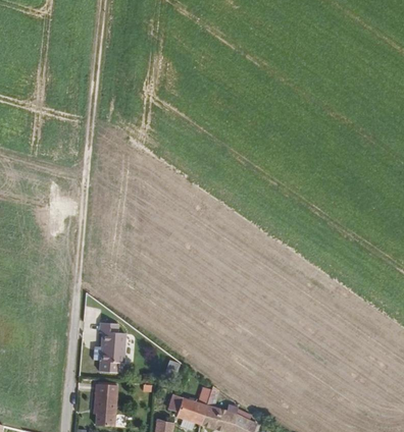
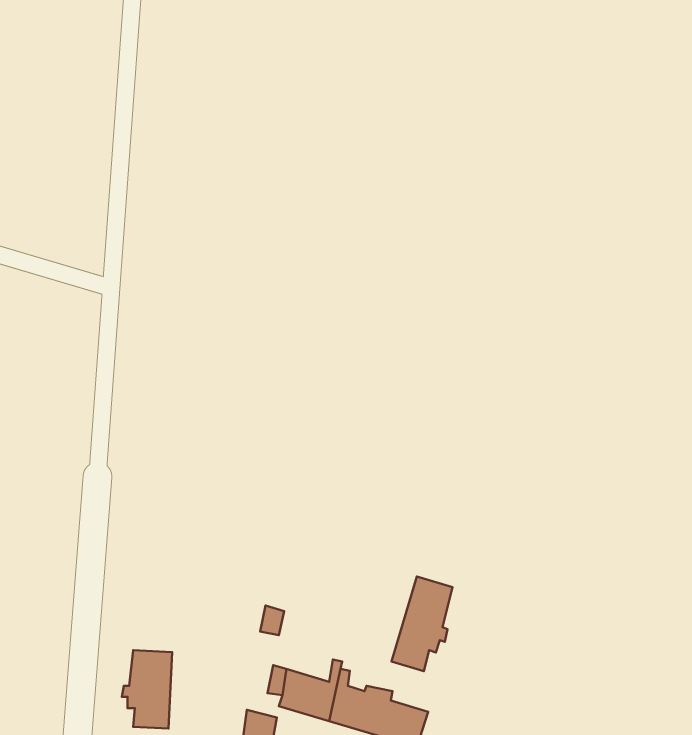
building: [96,325,125,374] -> none
building: none -> [391,577,452,671]

